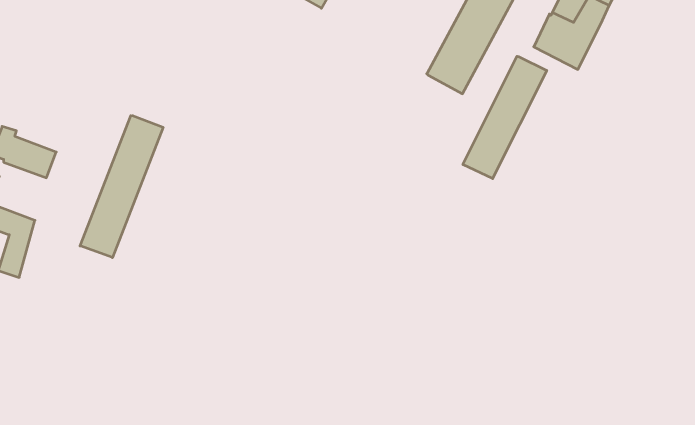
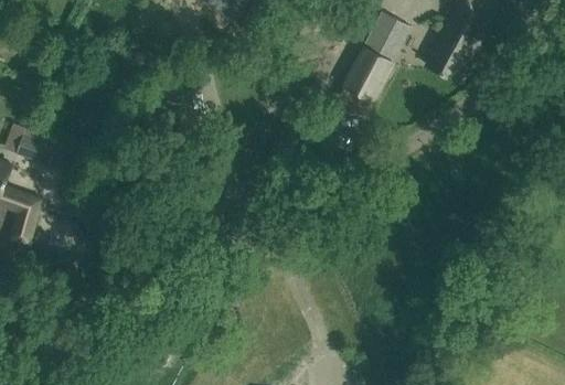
building: [463,56,547,179] -> none
building: [80,116,163,258] -> none

